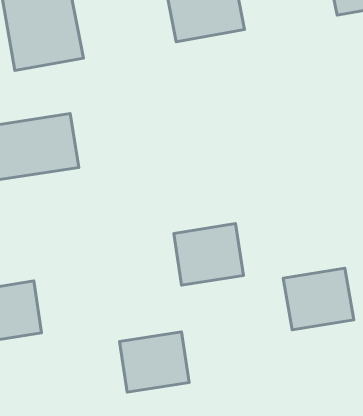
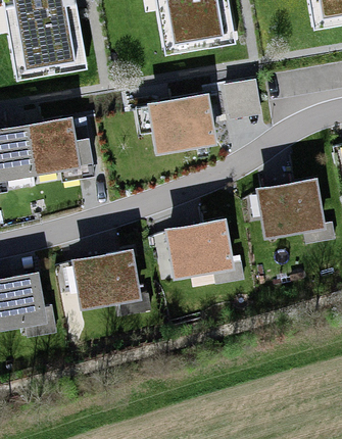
building: none -> [149,95,214,152]
building: [283,268,354,330] -> [257,179,323,236]
building: [120,332,189,392] -> [76,251,140,307]

